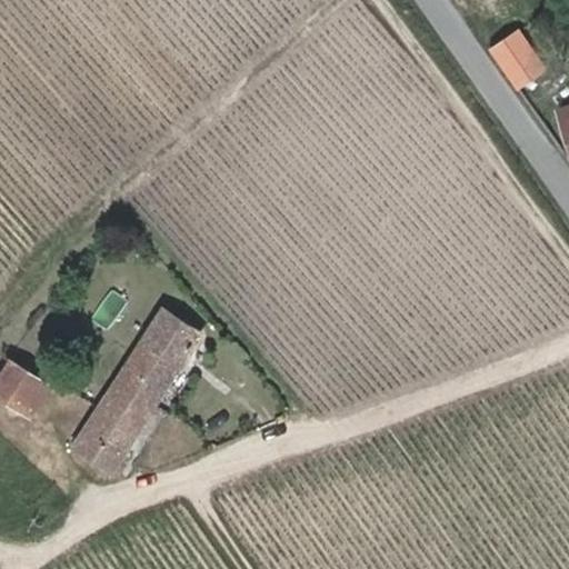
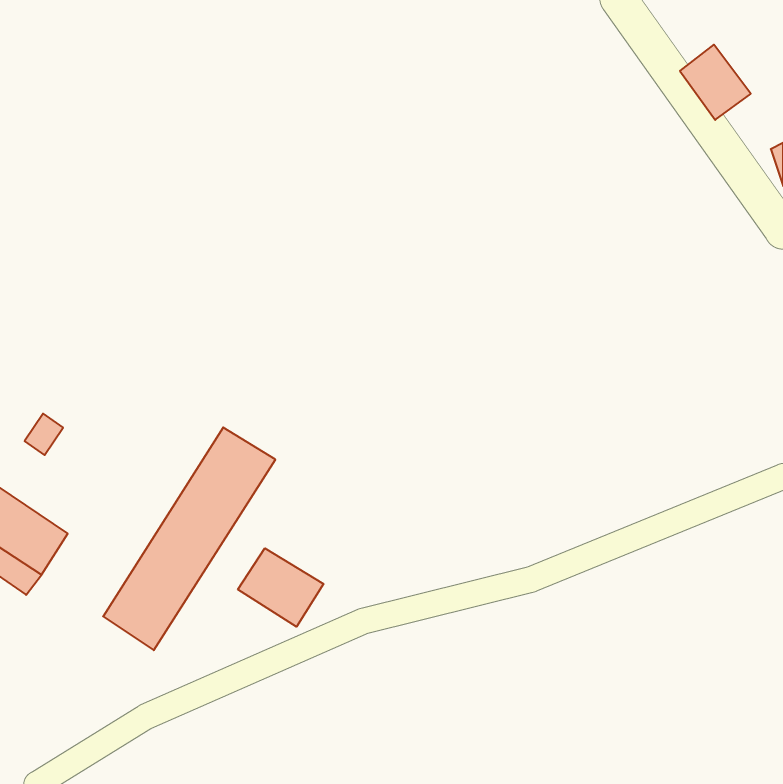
building: none -> [238,548,323,627]

